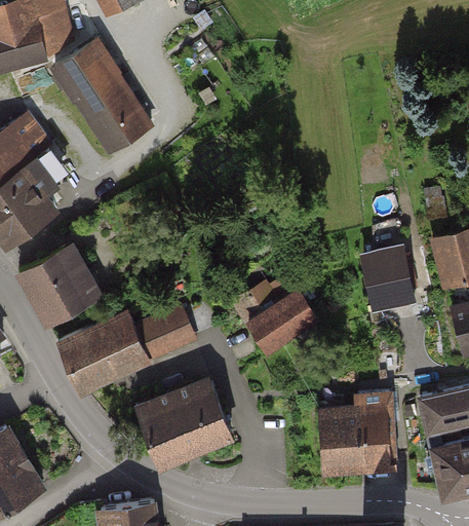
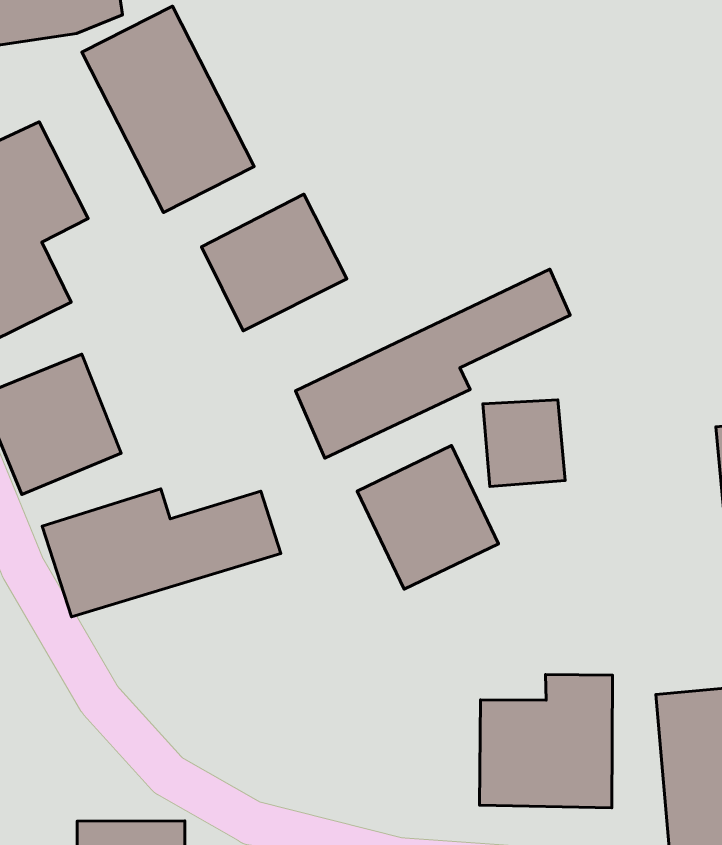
building: none -> [202,194,347,331]
building: none -> [295,269,570,458]
building: [361,251,413,304] -> [483,400,565,487]
building: [135,375,230,463] -> none

